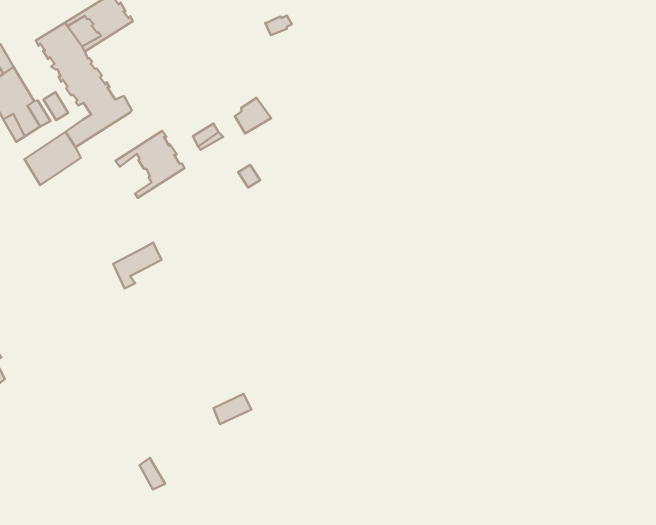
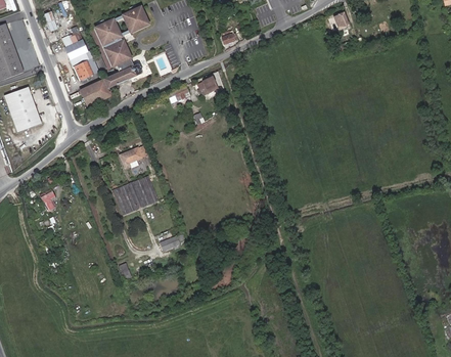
building: [115,131,185,198] -> none
building: none -> [114,175,160,214]

